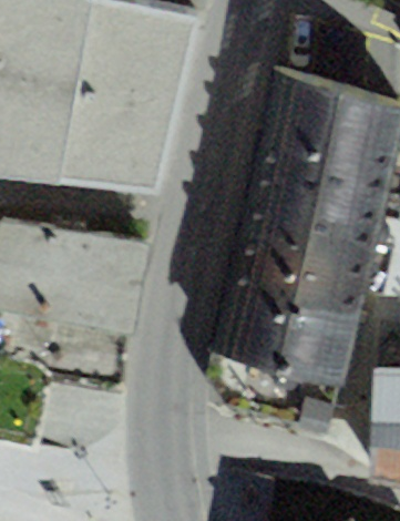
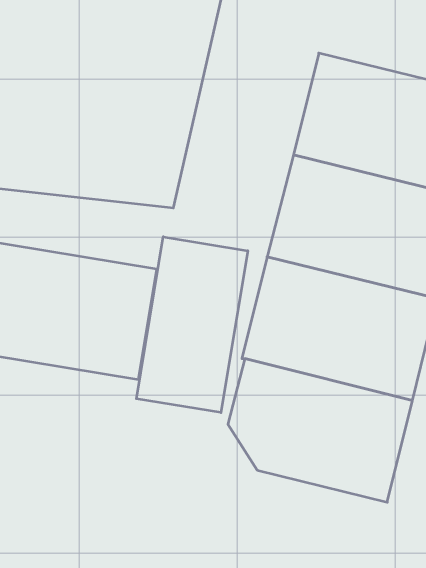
building: none -> [136,237,248,413]

